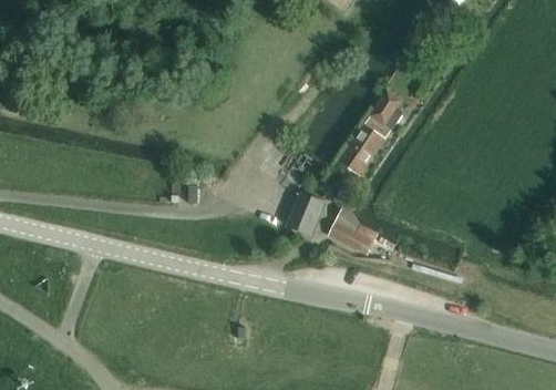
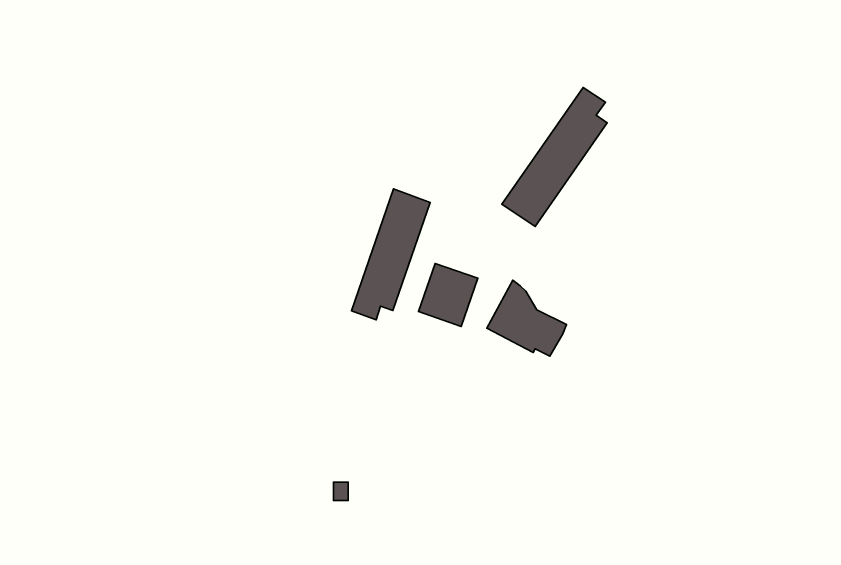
building: none -> [351,189,430,320]

